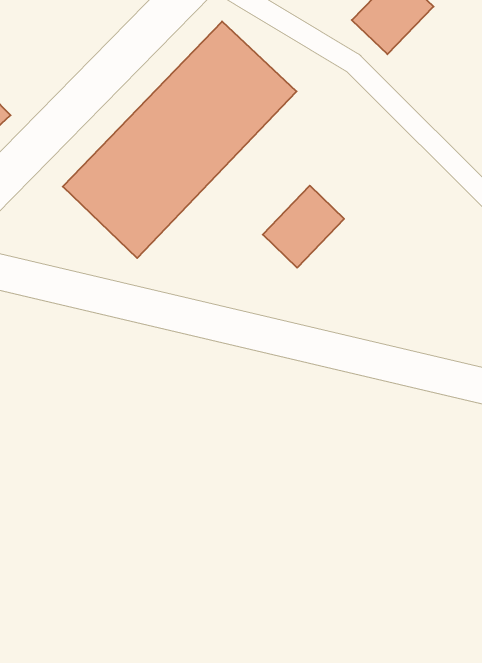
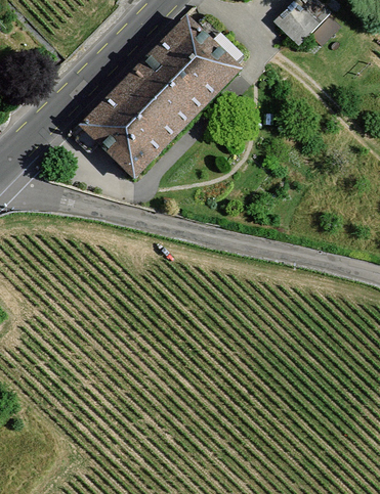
building: [263,186,344,268] -> none

